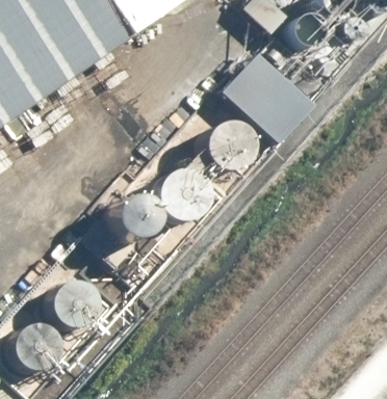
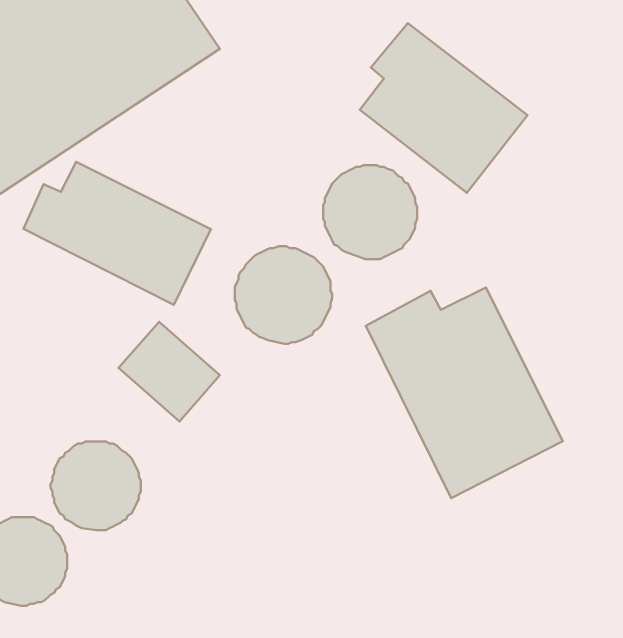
building: none -> [24,162,211,305]
building: none -> [366,288,563,498]

